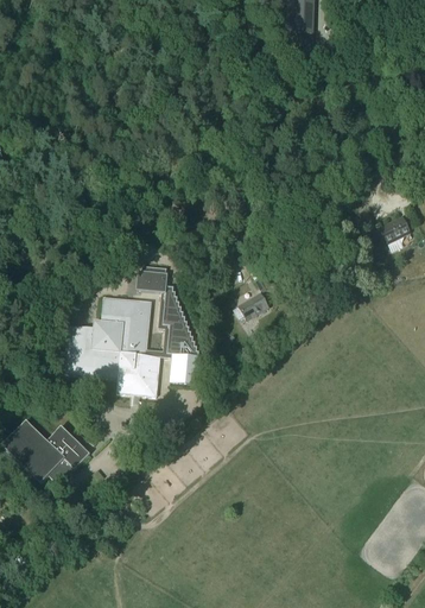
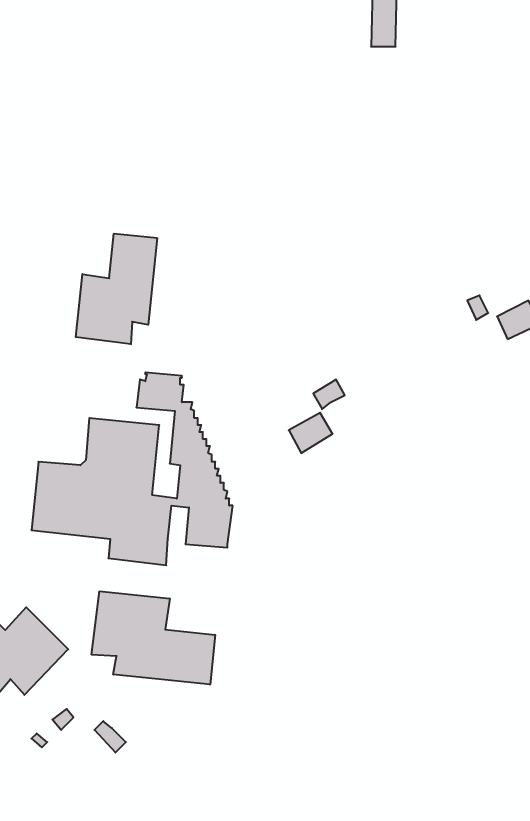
building: none -> [76,234,157,344]
building: none -> [92,591,215,685]

